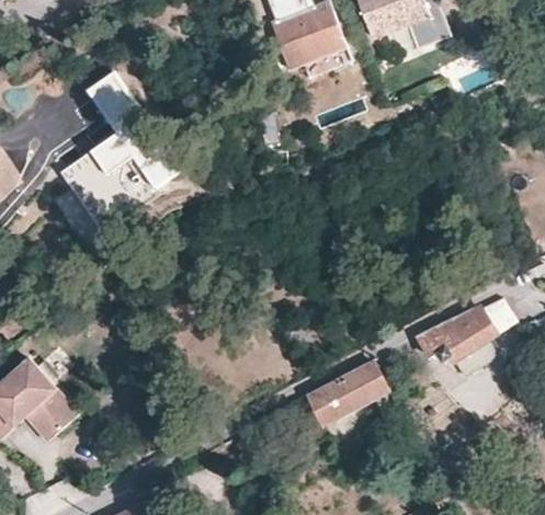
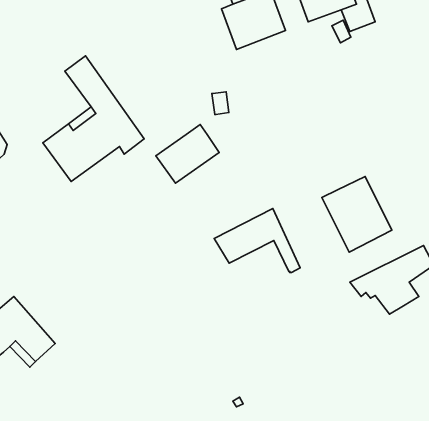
building: none -> [156,125,219,183]
building: none -> [322,177,392,252]
building: [305,359,405,434] -> [214,208,300,272]

